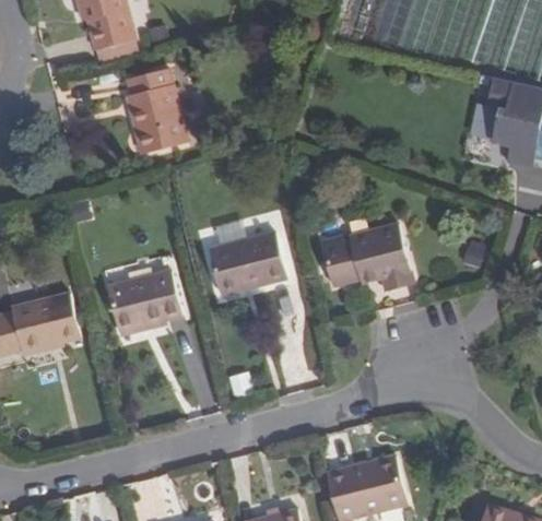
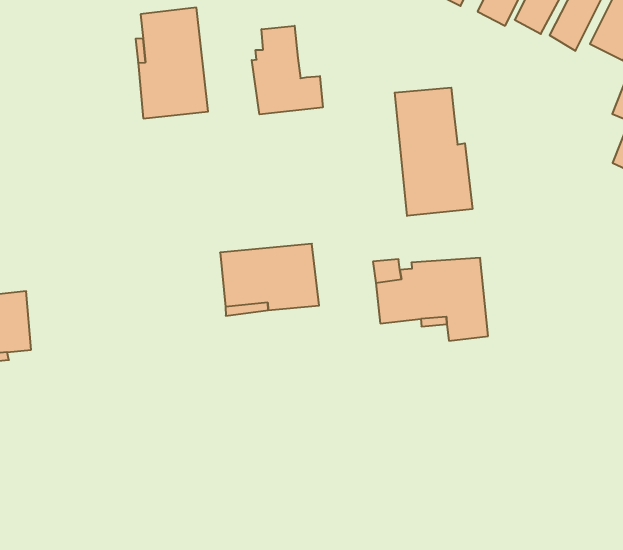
building: none -> [252,26,323,114]
building: none -> [395,88,472,216]
building: [107,271,182,333] -> none

